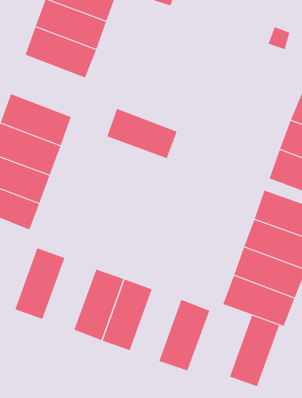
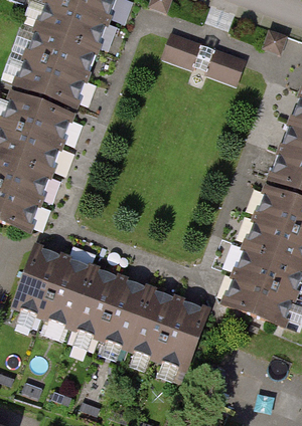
building: none -> [166,32,205,67]
building: none -> [211,49,249,83]
building: [106,108,177,159] -> [16,57,87,108]
building: none -> [44,258,97,330]
building: [229,315,280,387] -> [131,289,181,361]

